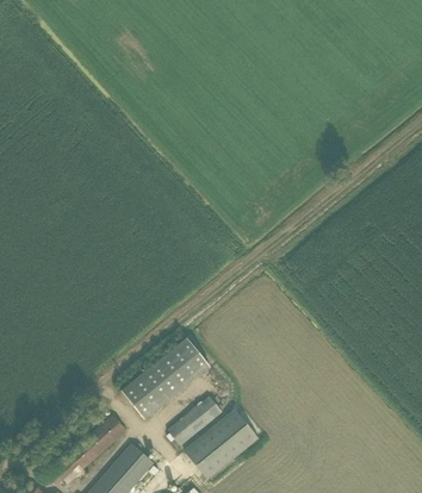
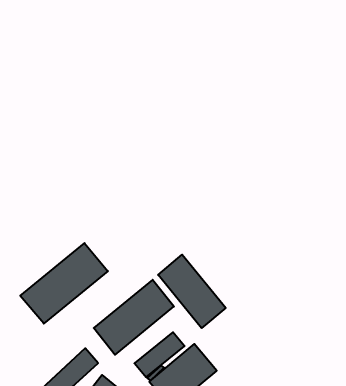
building: none -> [20,243,108,324]
building: none -> [158,255,226,328]

